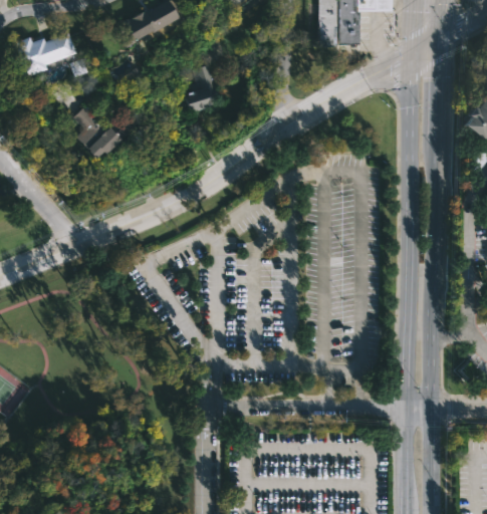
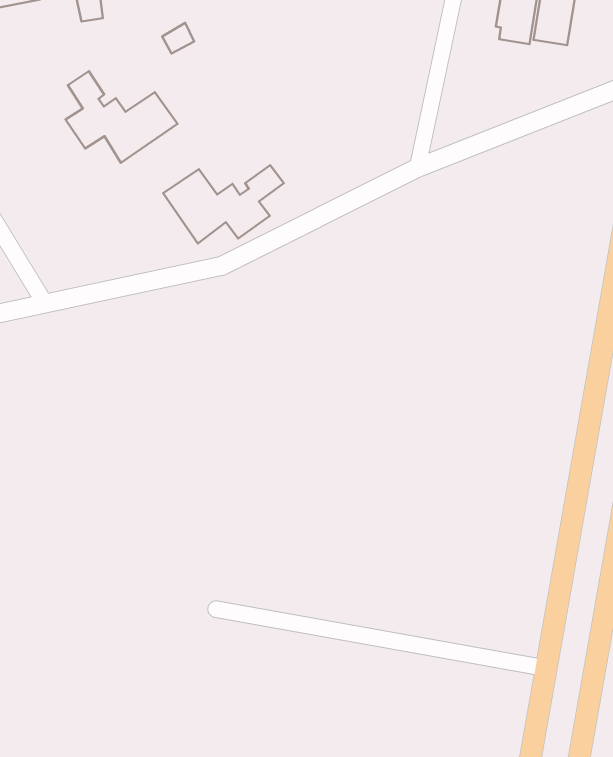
building: [187,63,223,111] -> none
building: none -> [163,165,284,244]

